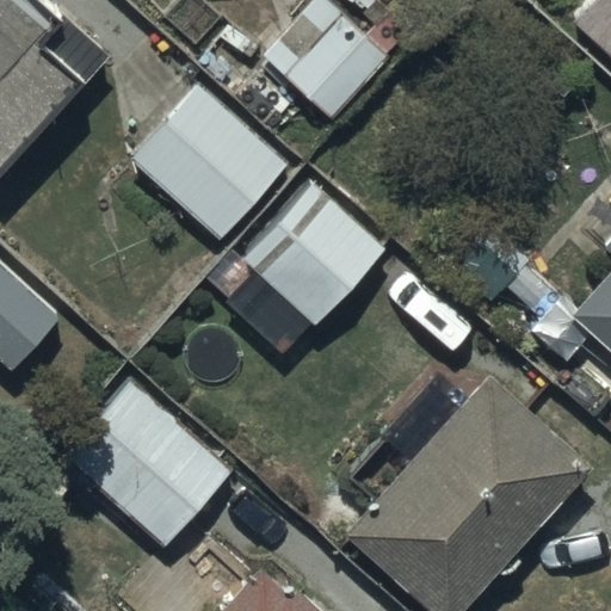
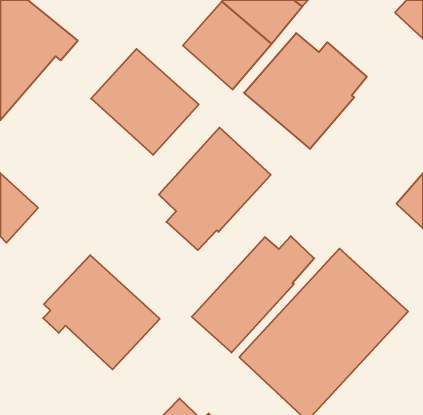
building: none -> [244,33,367,149]
building: none -> [192,236,314,353]

